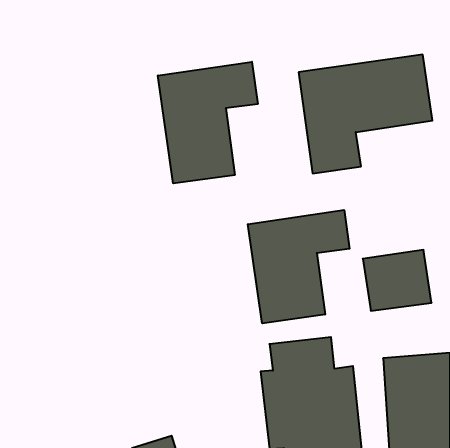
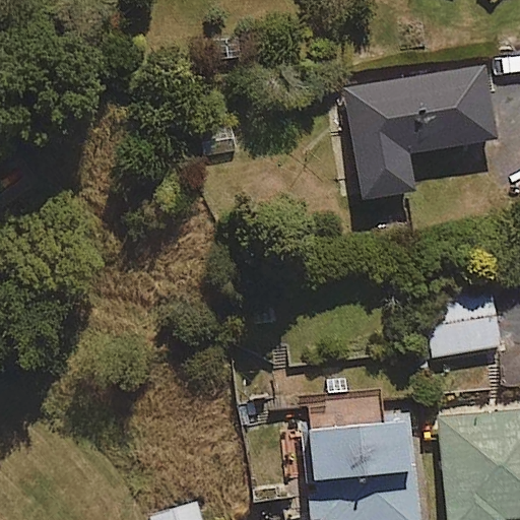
building: [158,62,258,183] -> none
building: [248,210,350,323] -> none

